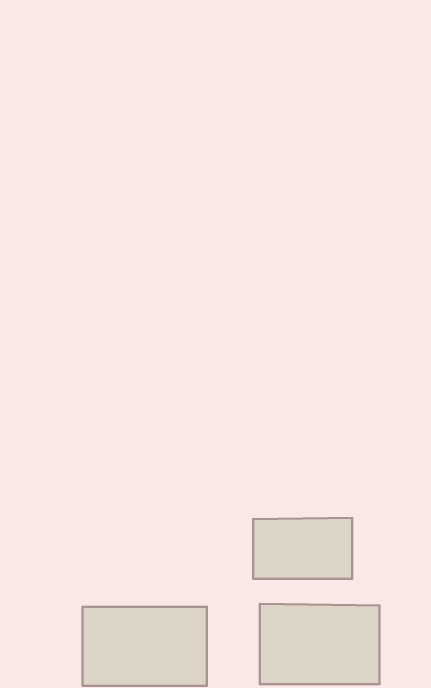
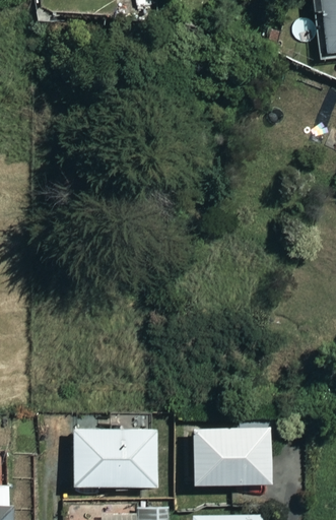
building: [253,518,352,579] -> none

